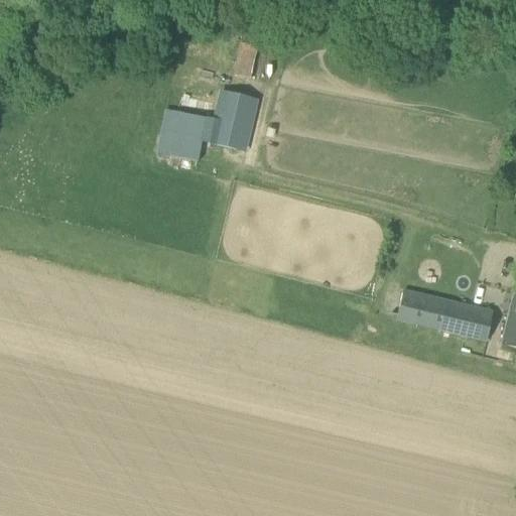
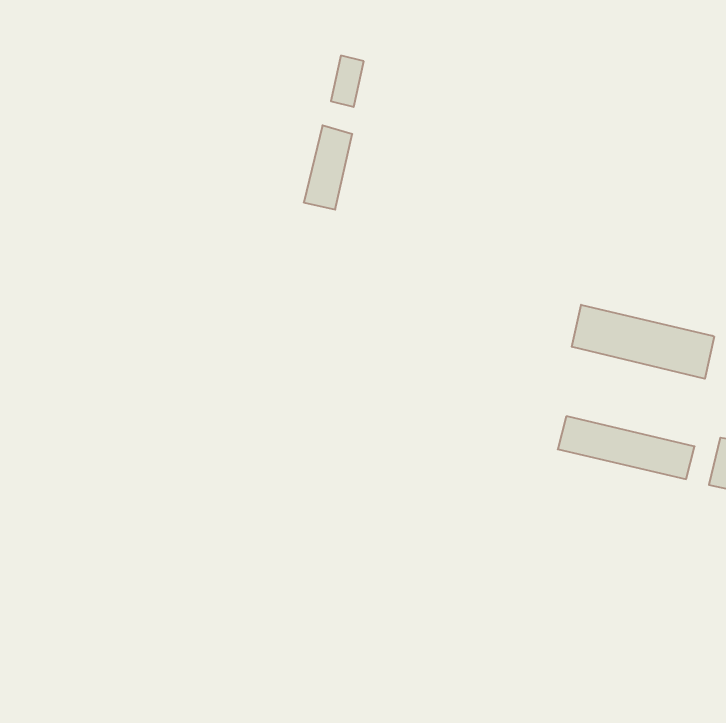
building: [170,110,208,157] -> none
building: none -> [572,305,714,379]

